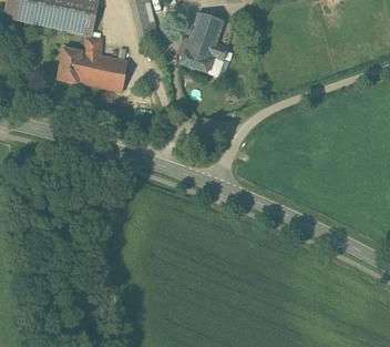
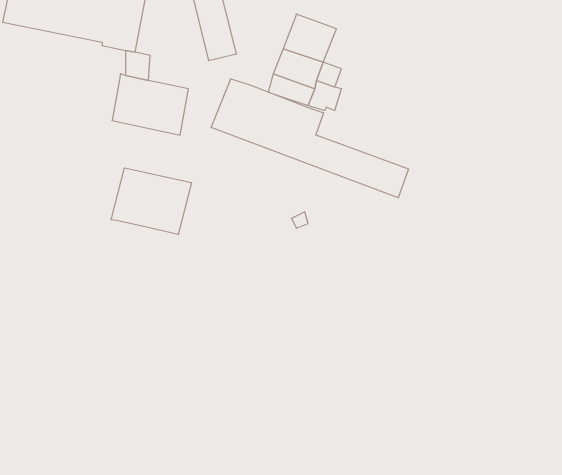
building: [57,48,81,83] -> none
building: none -> [211,79,409,198]
building: none -> [111,168,192,235]

